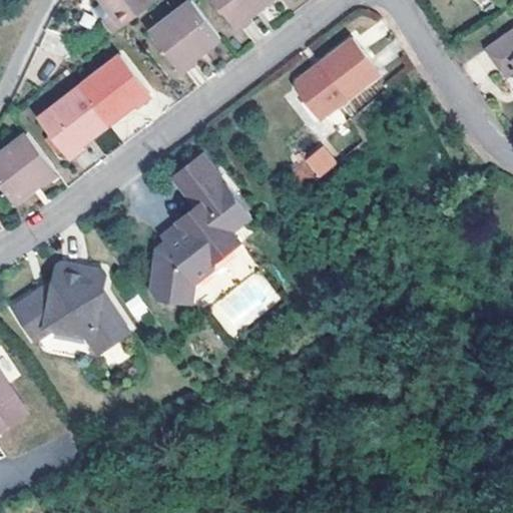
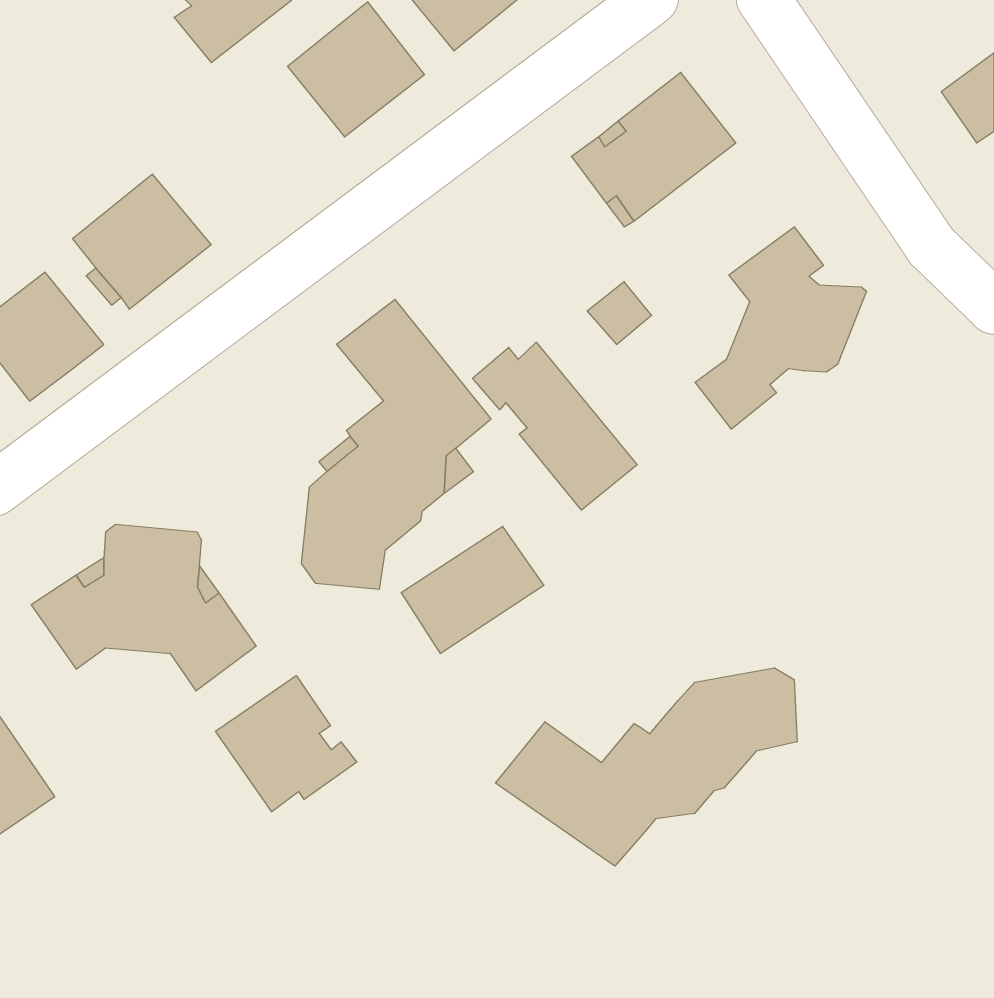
building: [78,57,147,125] -> none
building: none -> [695,227,867,429]
building: none -> [473,342,637,510]
building: none -> [496,668,797,866]
building: none -> [215,676,357,812]

